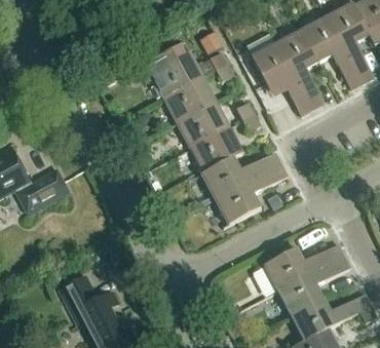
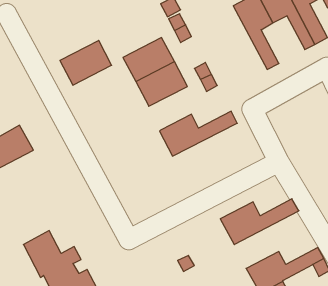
building: [252,42,311,114] -> none
building: [149,49,202,95] -> [60,40,112,85]
building: [189,125,241,170] -> none
building: [214,163,287,222] -> none
building: [277,254,350,313] -> none

